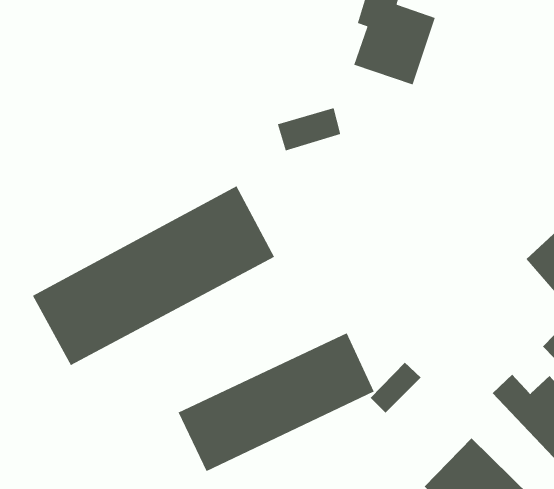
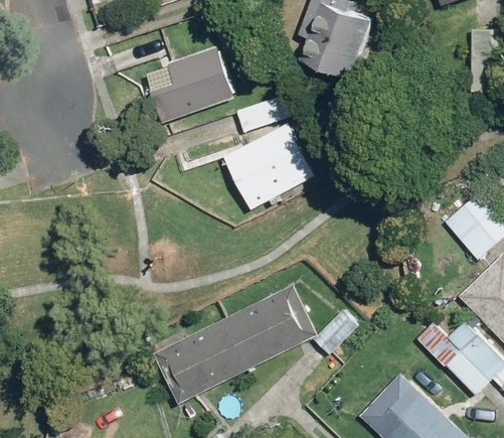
building: none -> [144,46,236,125]
building: none -> [222,124,314,211]
building: [32,185,275,366] -> none

